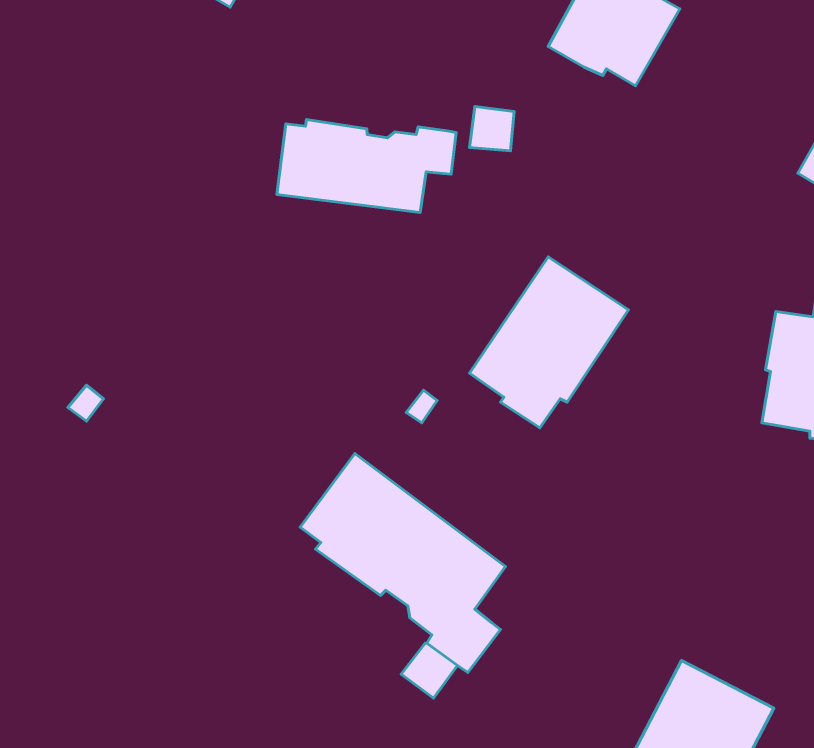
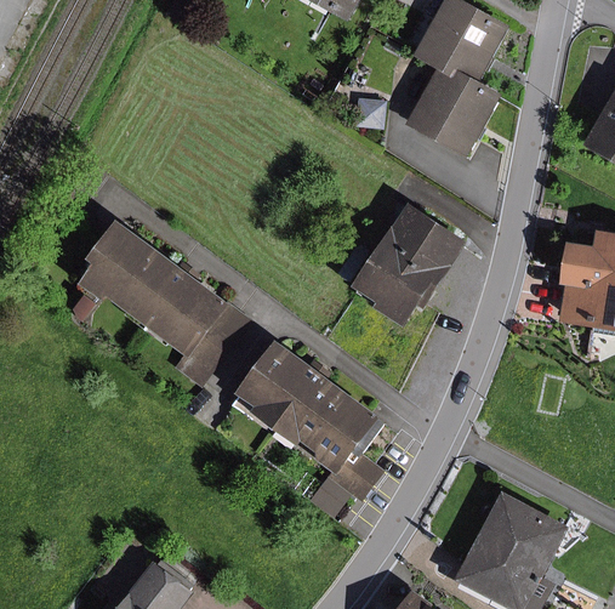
building: none -> [403,69,495,156]
building: [277,120,456,212] -> none
building: none -> [82,221,251,387]

